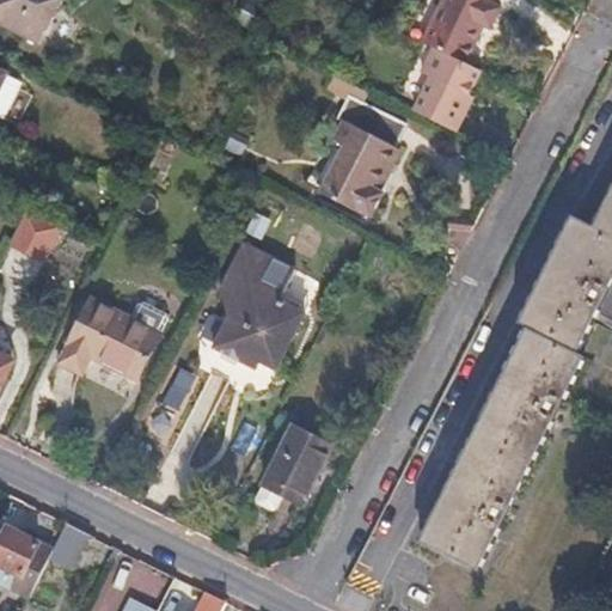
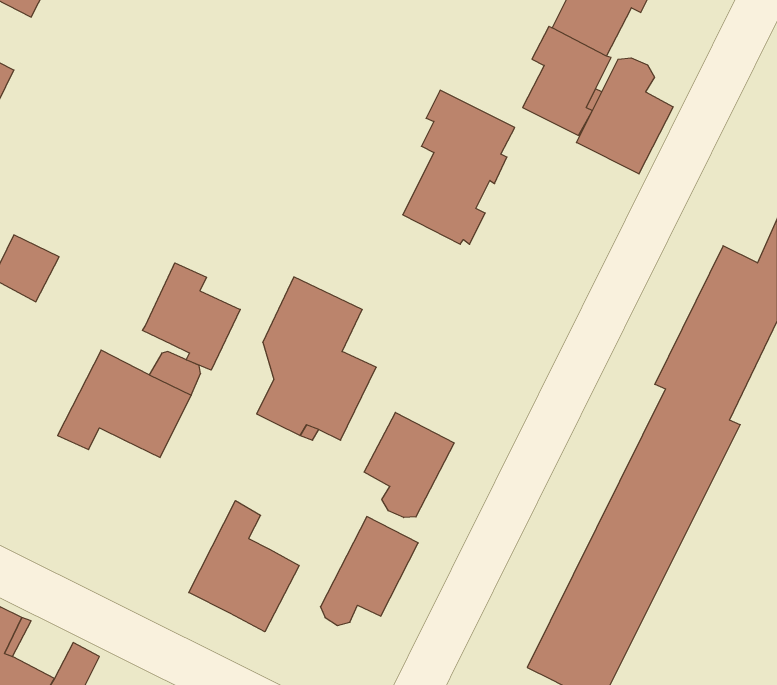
building: none -> [576,58,673,174]
building: none -> [142,263,240,370]
building: none -> [364,412,454,518]
building: none -> [189,501,299,632]

